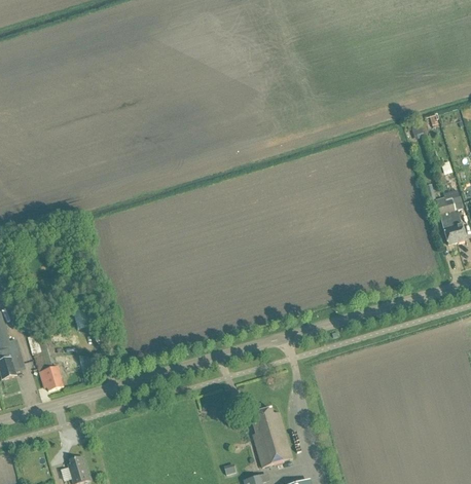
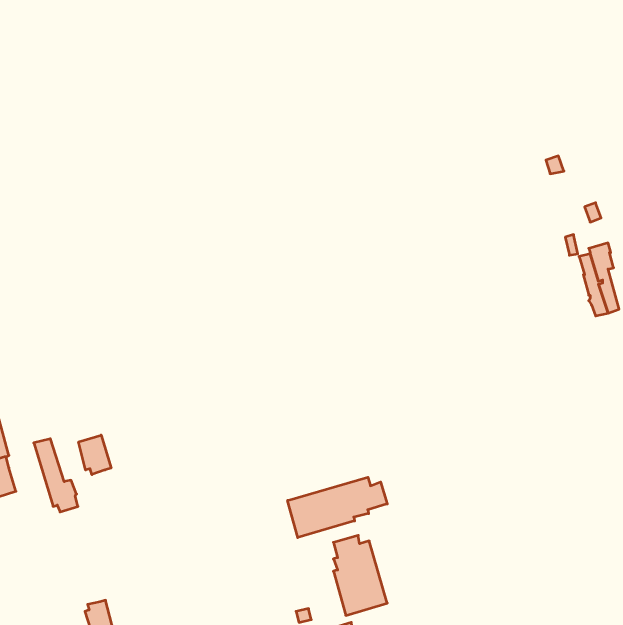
building: none -> [79,435,111,475]
building: none -> [288,477,387,538]

